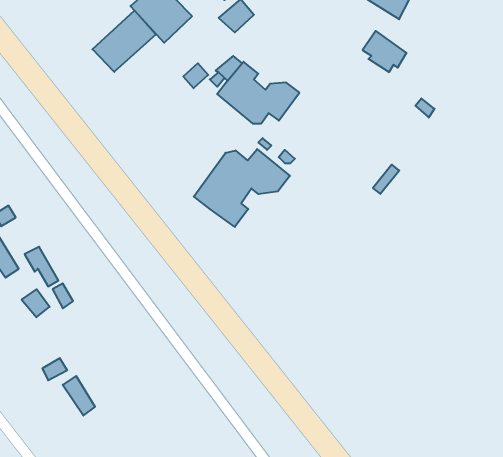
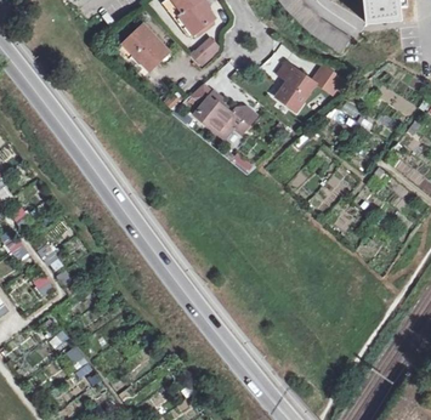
building: [92,11,156,72] -> none
building: none -> [273,58,318,113]
building: [194,149,290,227] -> none

